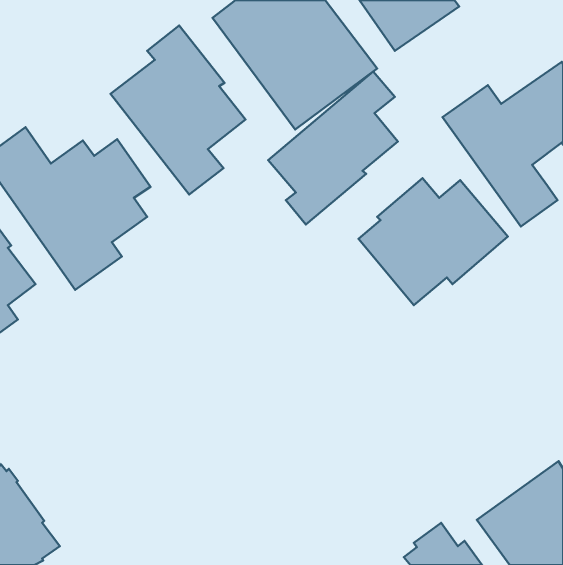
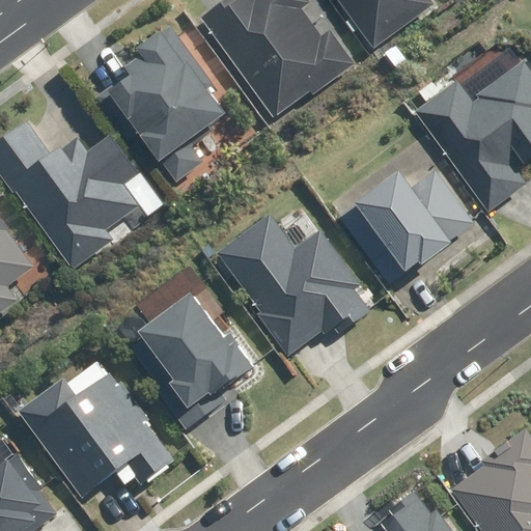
building: [268,72,398,224] -> none
building: none -> [215,212,364,357]
building: none -> [131,263,253,429]
building: none -> [16,359,173,497]

